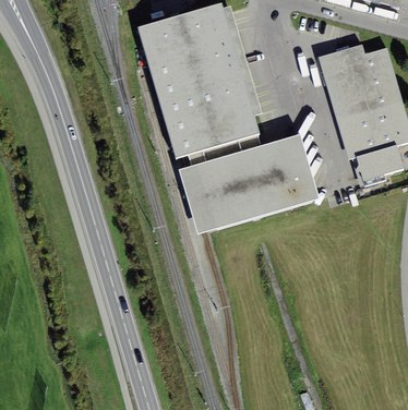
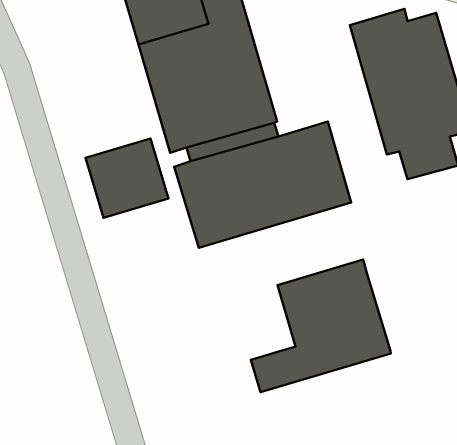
building: none -> [86,138,169,218]
building: none -> [251,259,391,392]

